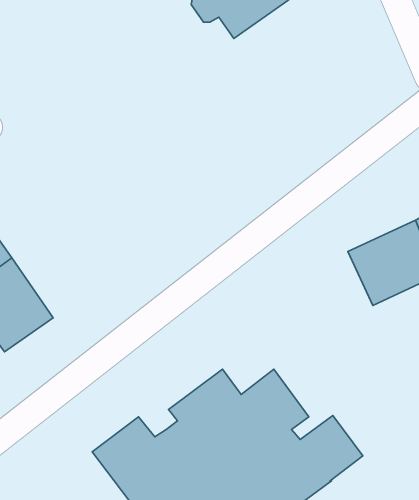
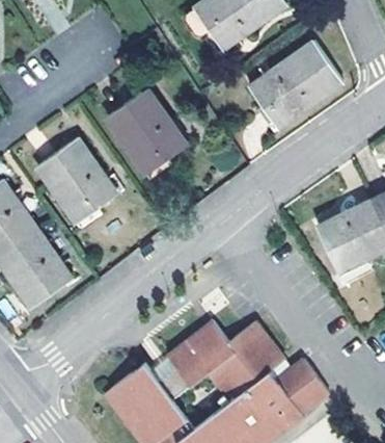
building: none -> [250,43,342,127]
building: none -> [106,87,187,175]
building: none -> [35,137,117,225]

